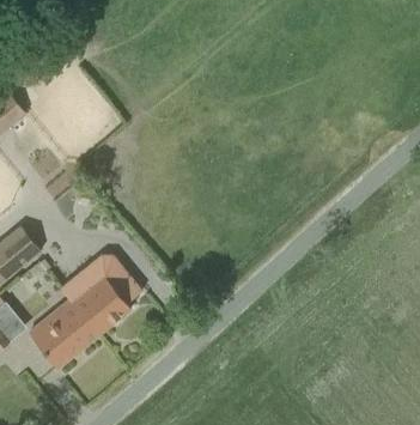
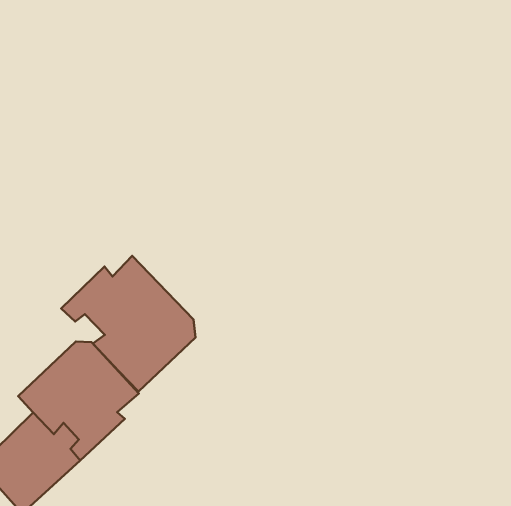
building: none -> [61,256,196,392]

